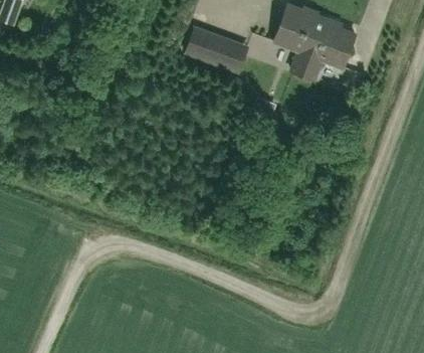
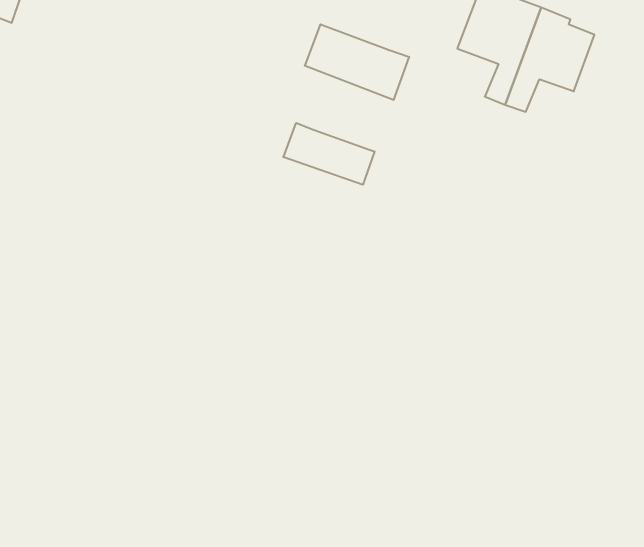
building: none -> [283,123,375,185]

